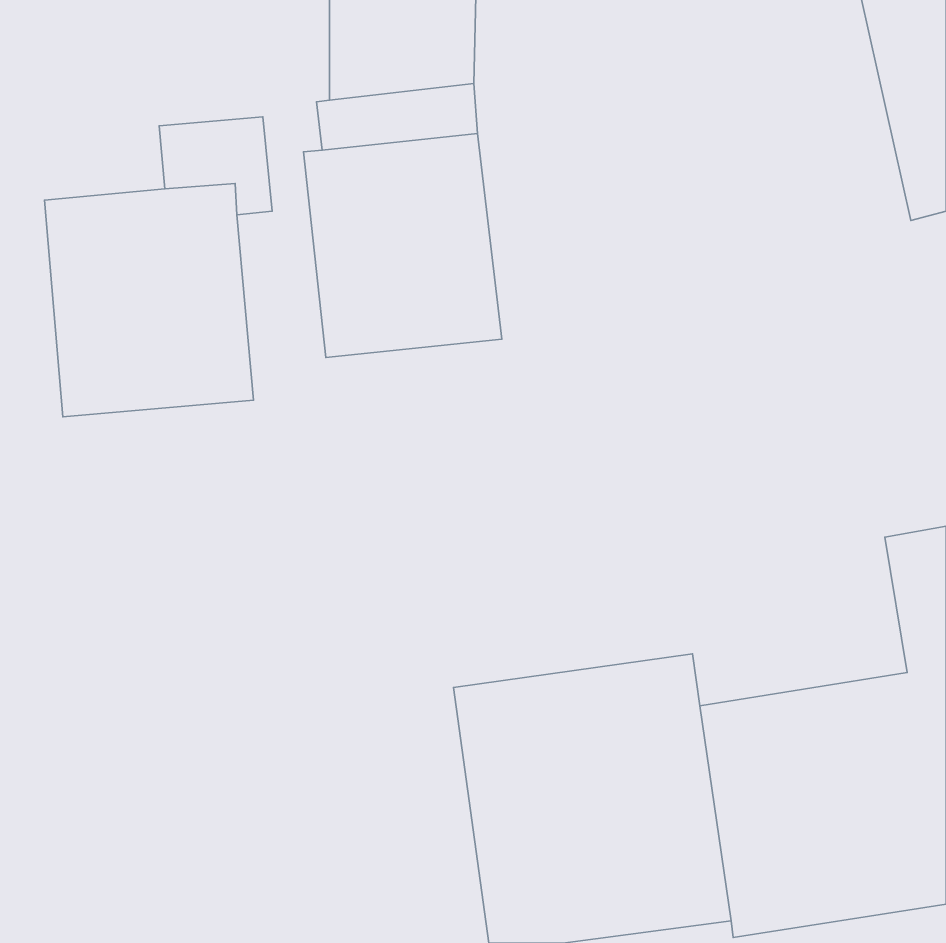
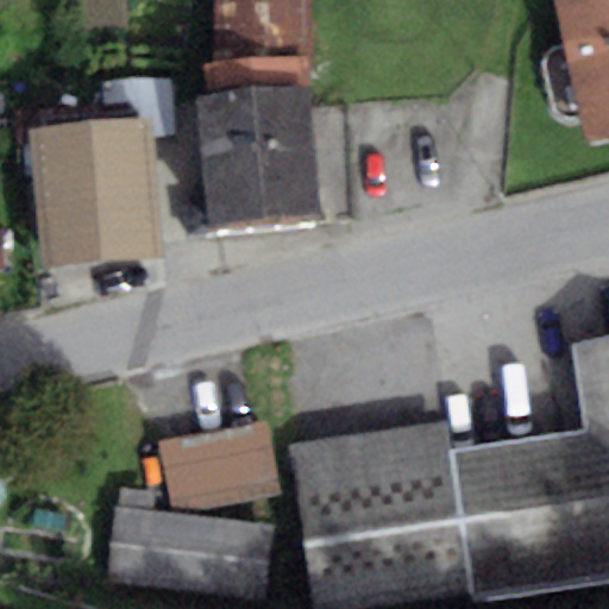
building: none -> [159,421,278,508]
building: none -> [103,507,272,597]

